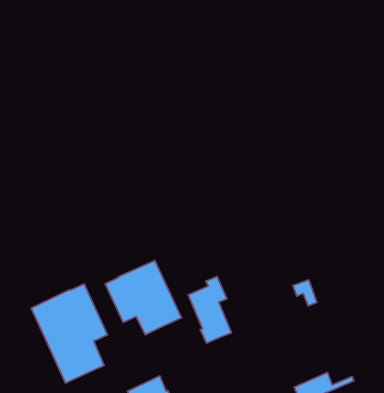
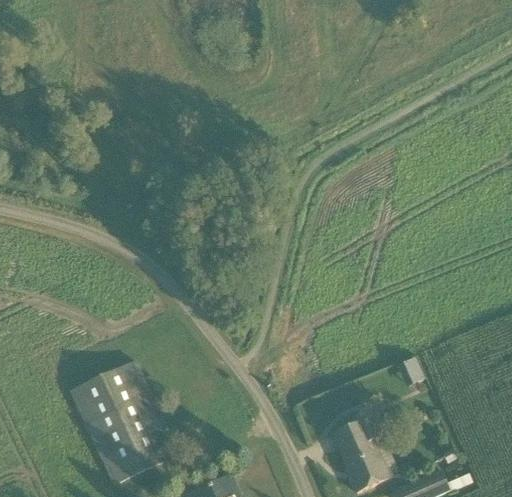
building: [105,260,182,335] -> none
building: [188,276,232,343] -> [333,408,387,491]

